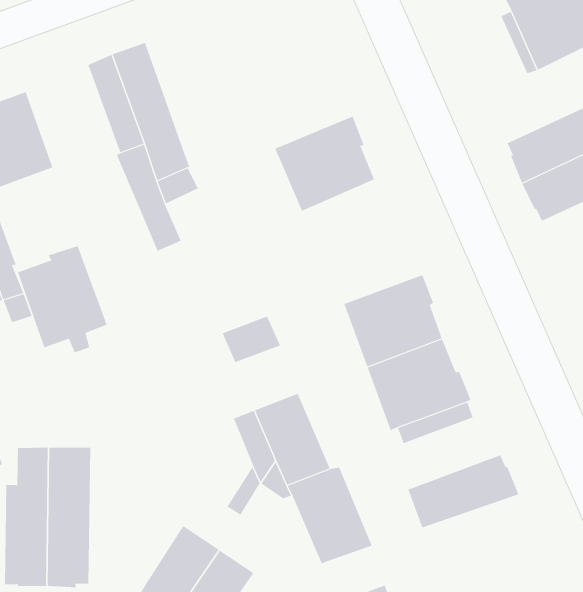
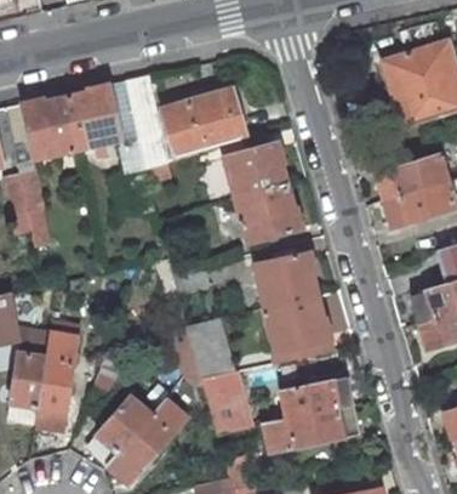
building: none -> [161,90,239,157]
building: none -> [235,184,301,243]
building: [17,245,107,353] -> [65,84,120,154]
building: none -> [262,404,356,450]

